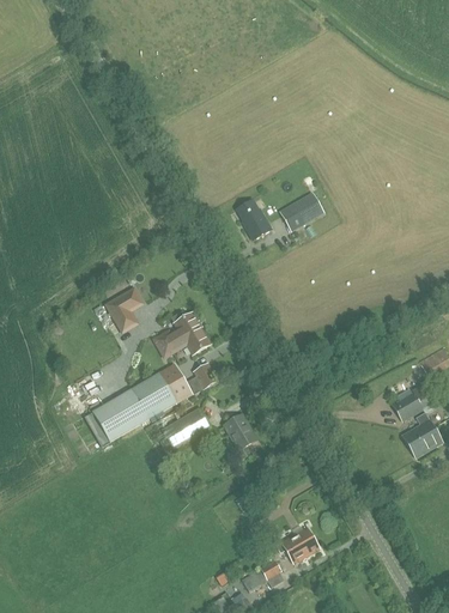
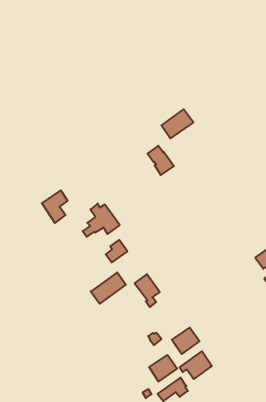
building: [236,199,271,239] -> [147,146,174,175]
building: [92,364,190,441] -> none
building: none -> [172,328,200,354]
building: none -> [149,355,177,382]

